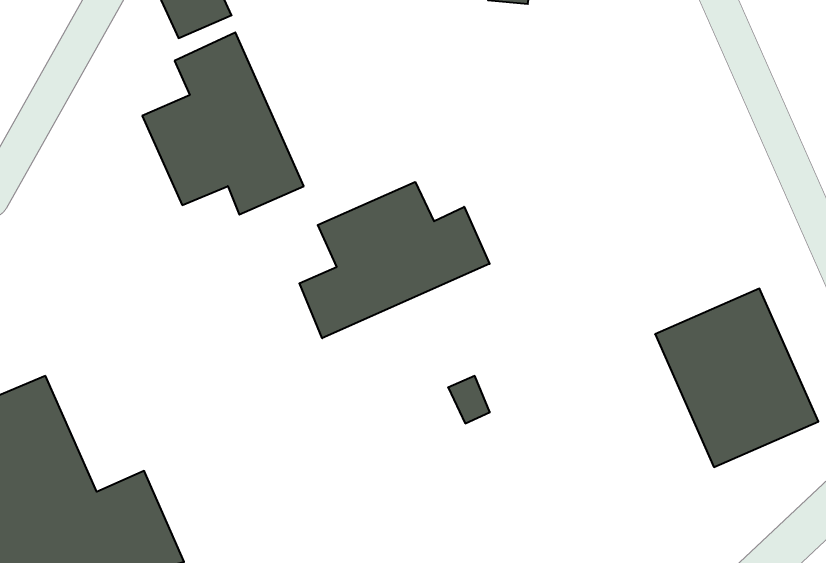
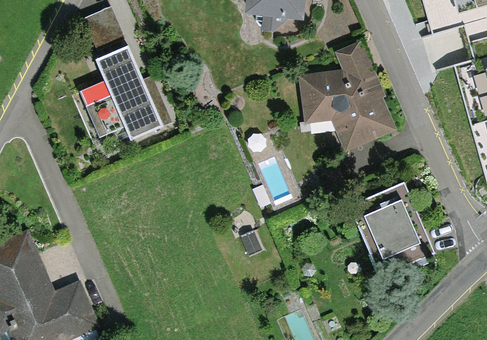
building: none -> [297,38,396,152]
building: [299,182,490,338] -> none

